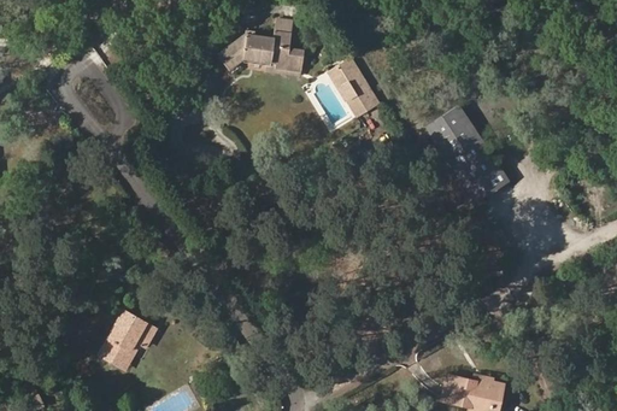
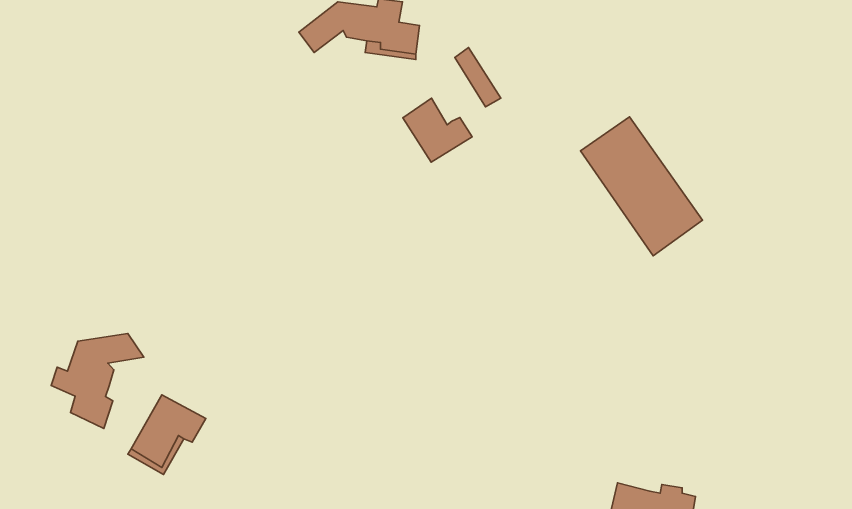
building: none -> [403,98,472,162]
building: none -> [51,334,144,429]

